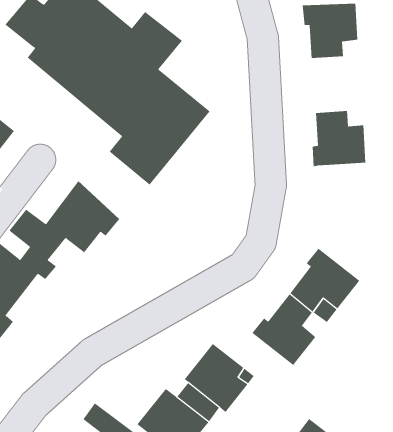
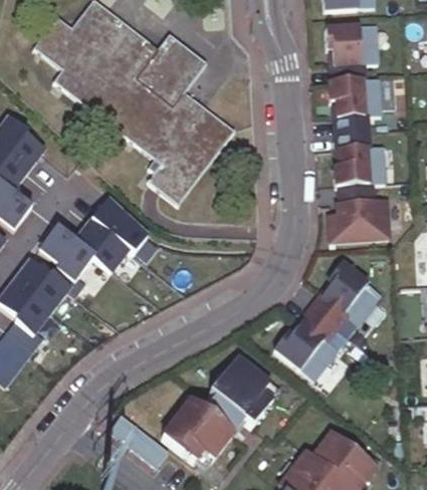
building: none -> [329,75,384,132]
building: none -> [333,182,394,238]

